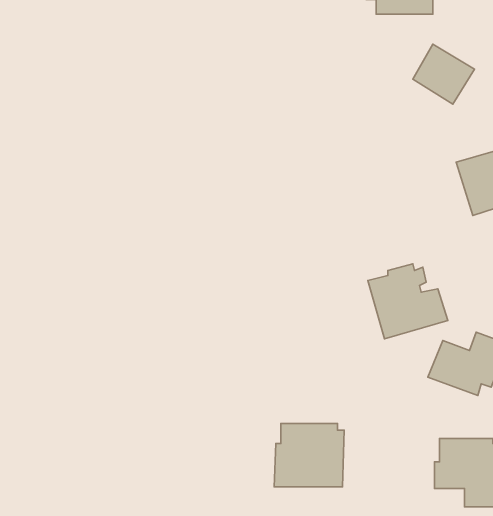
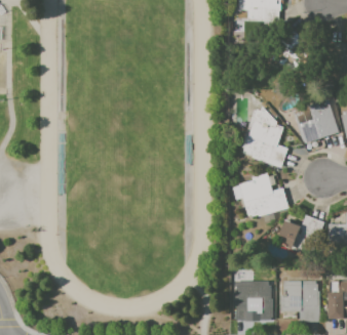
building: none -> [239,109,287,167]
building: [274,423,344,487] -> [230,280,273,319]

